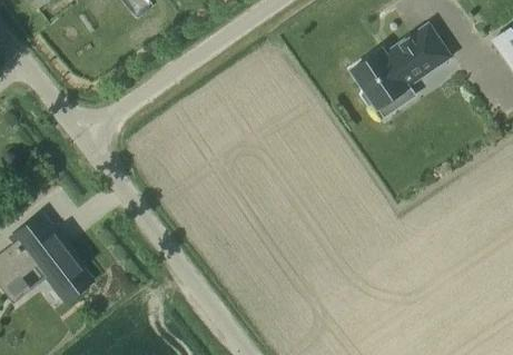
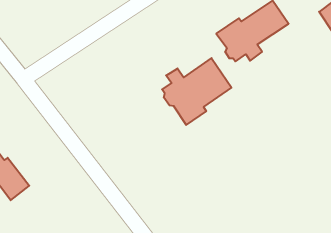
building: none -> [162,58,231,125]

